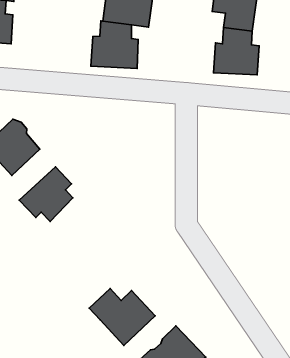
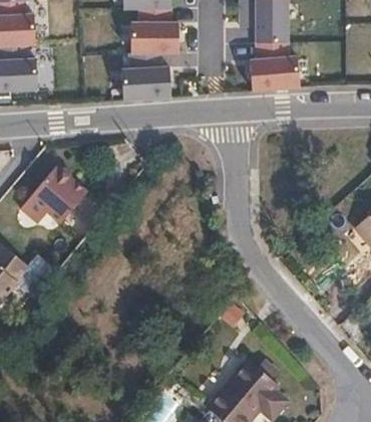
building: [19,167,73,221] -> none
building: [89,289,155,345] -> none

